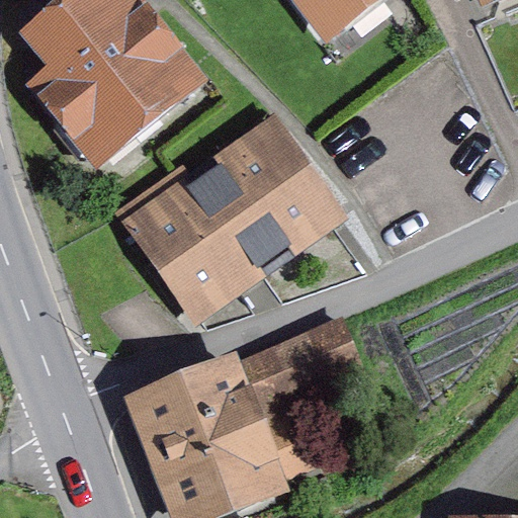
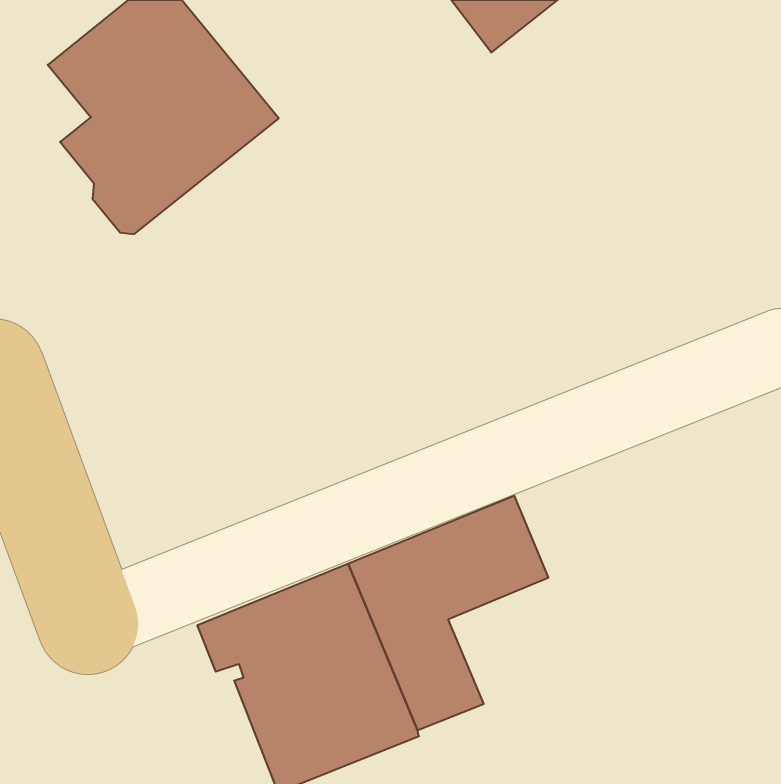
building: [121,144,321,311] -> none

